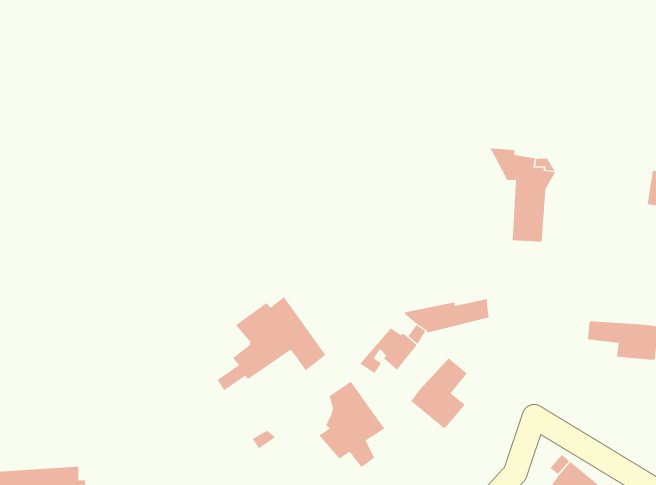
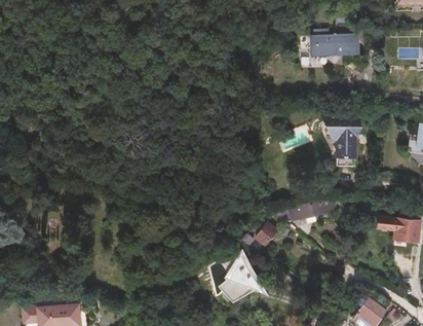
building: none -> [311,35,356,55]
building: [217,296,326,391] -> none
building: [410,357,467,429] -> none

